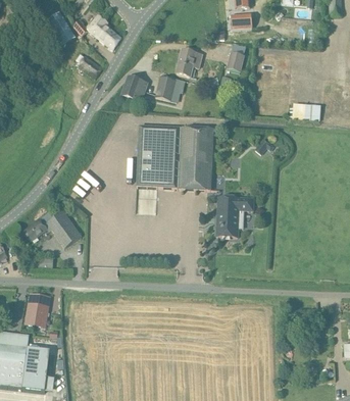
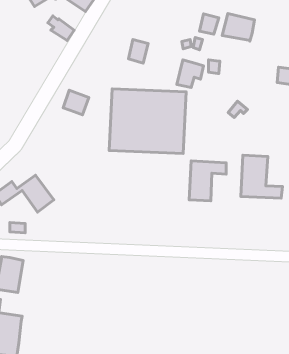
building: [176,48,202,76] -> [177,60,203,88]
building: none -> [222,14,254,41]
building: [122,76,148,100] -> [63,90,89,115]
building: none -> [241,155,282,198]

